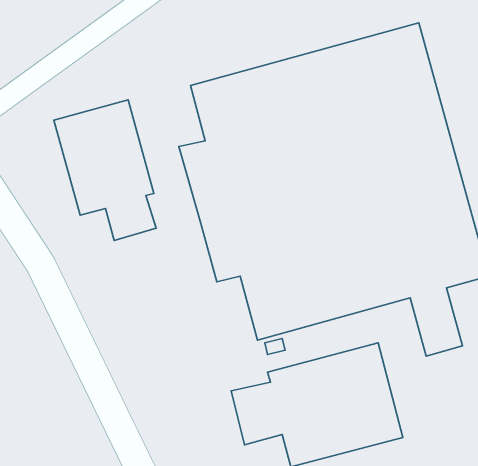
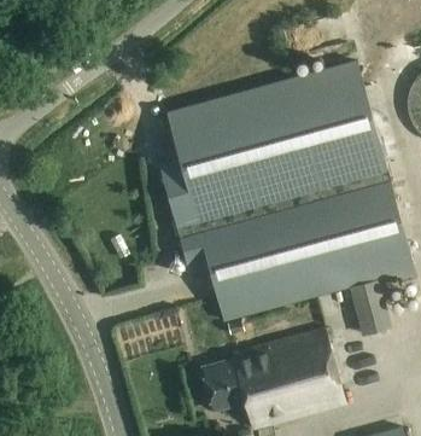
building: [54,100,156,241] -> none

